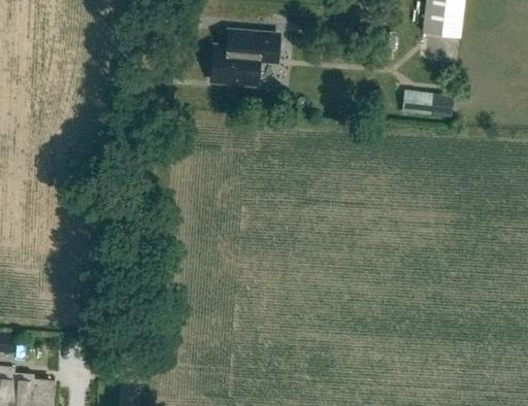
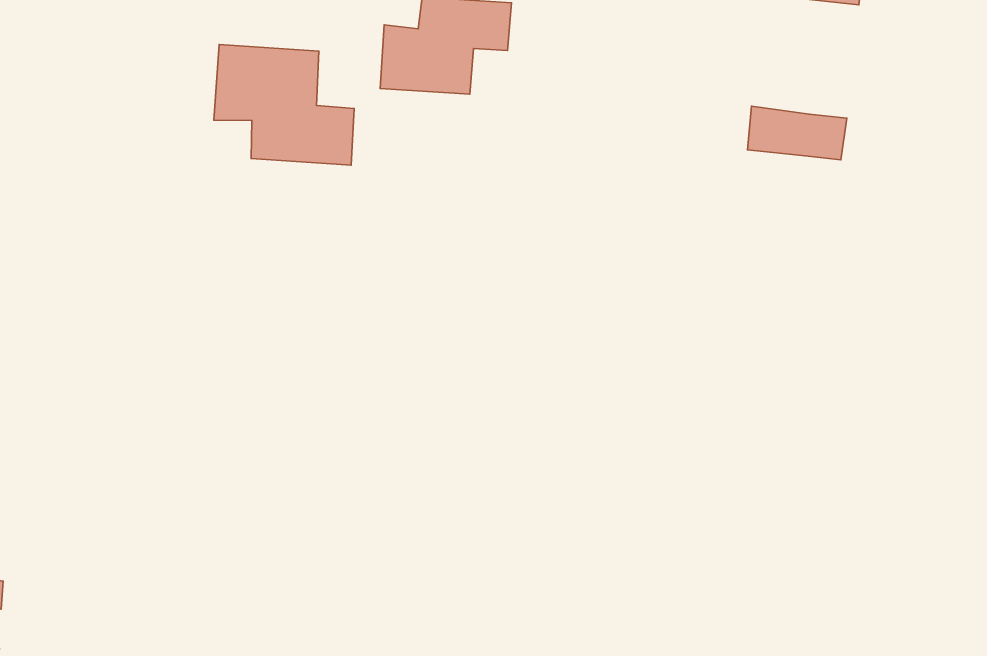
building: none -> [214,44,354,165]

